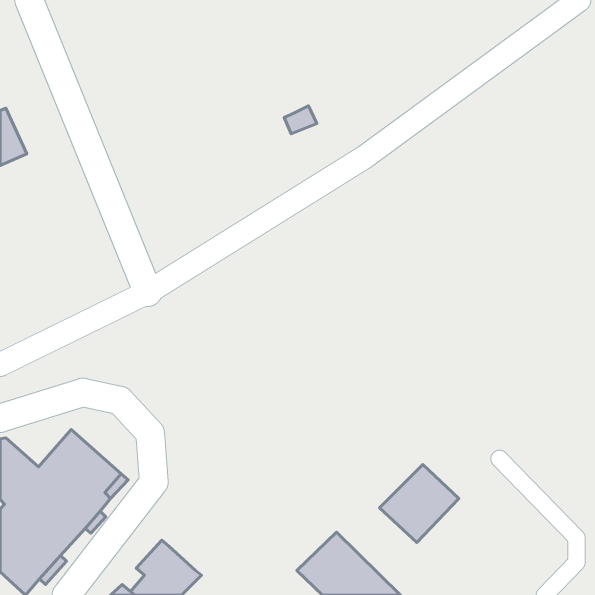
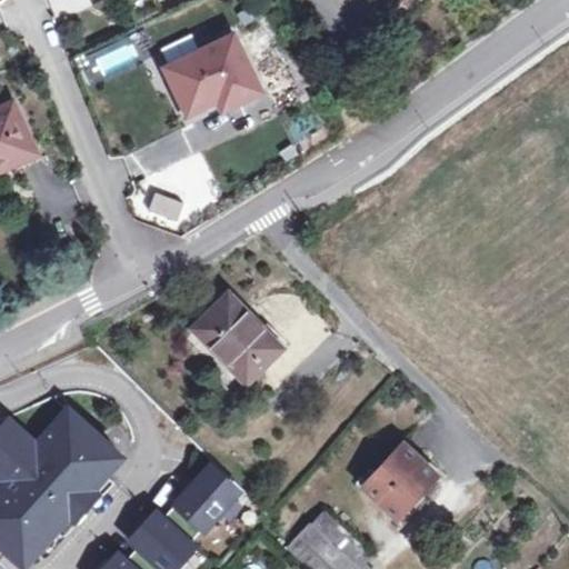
building: none -> [166,39,259,114]
building: none -> [197,293,283,379]
building: none -> [161,468,236,545]

